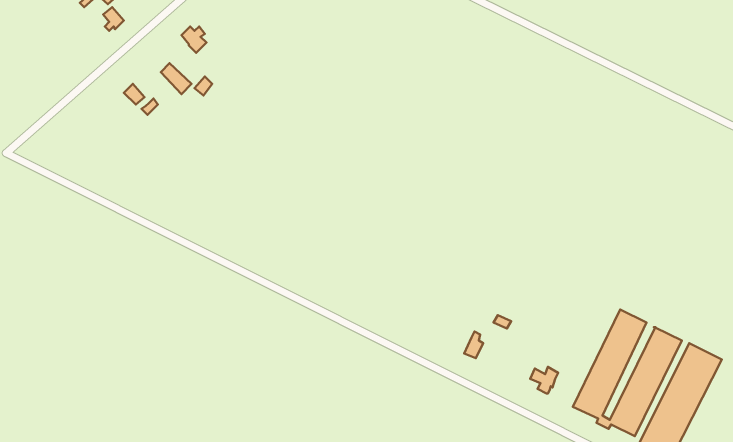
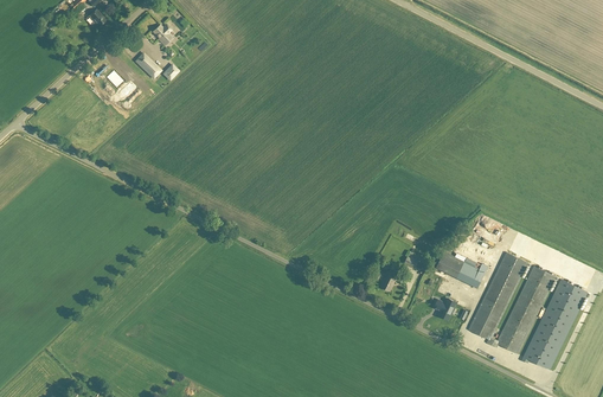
building: none -> [436,251,488,287]

